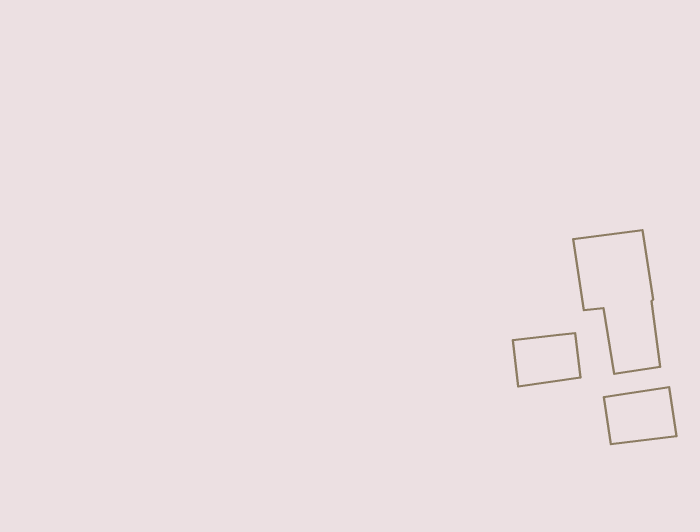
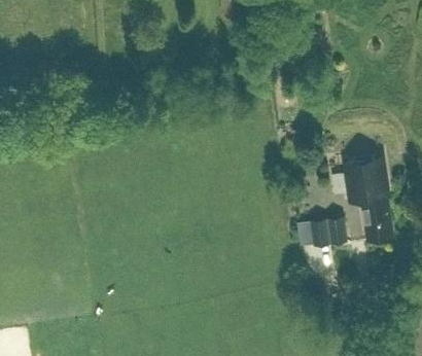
building: [604,387,677,444] -> none

